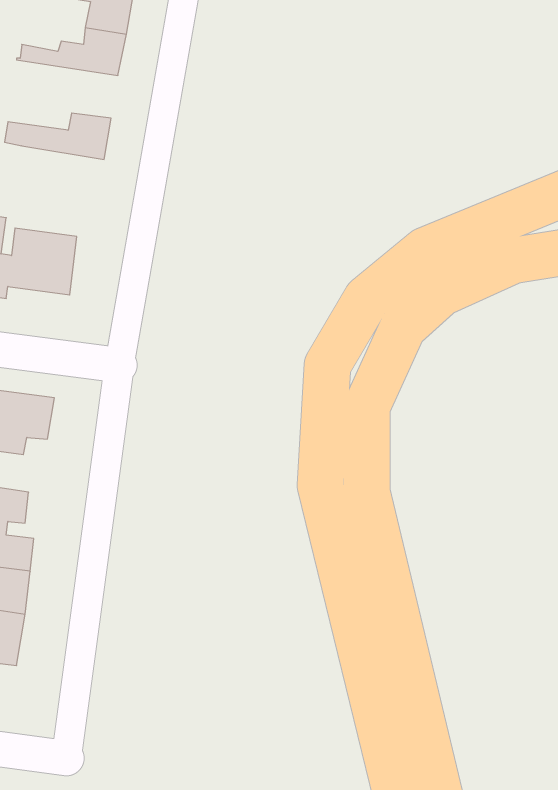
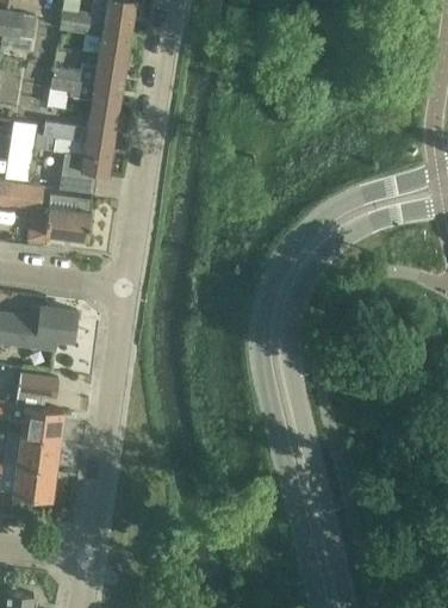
building: none -> [50,77,122,118]
building: none -> [52,137,112,194]

